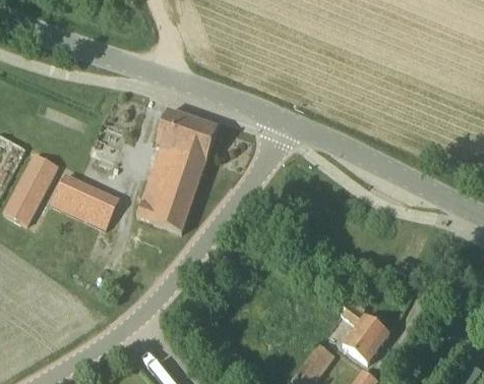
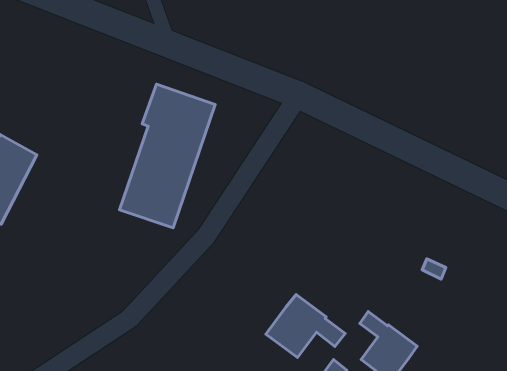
building: [70,183,119,222] -> none
building: none -> [266,294,345,357]

